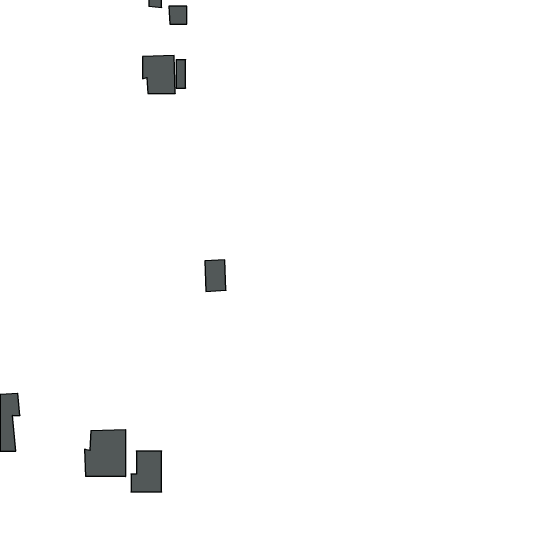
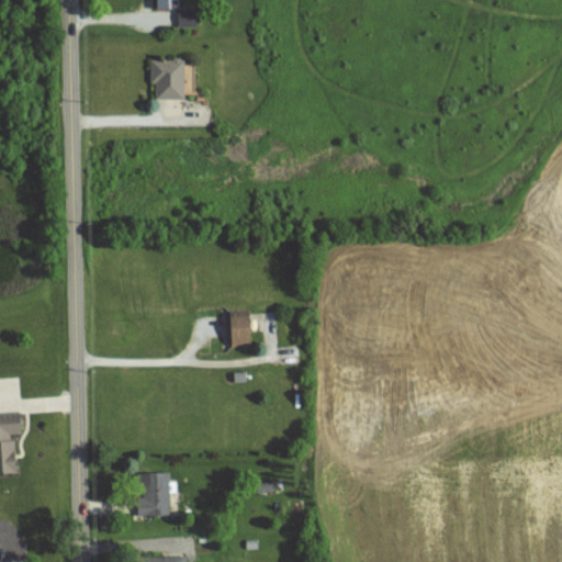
building: [205,260,226,291] -> [228,314,250,347]
building: [85,430,125,477] -> none

